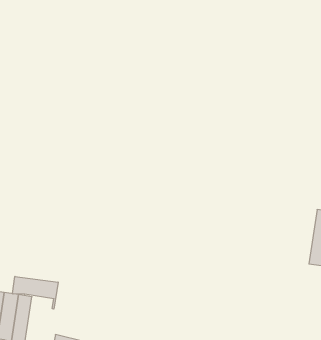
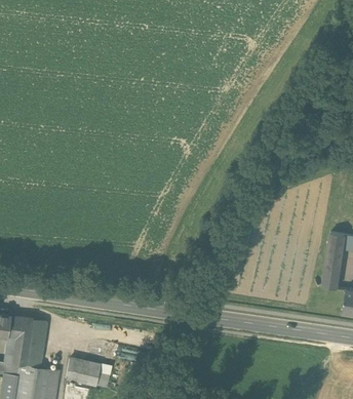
building: [12,276,58,309] -> none

